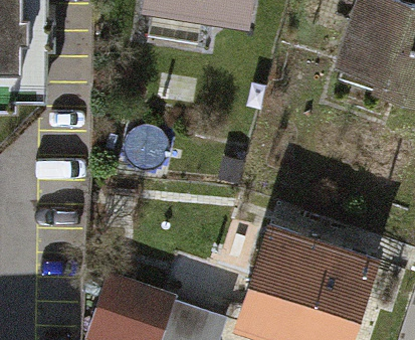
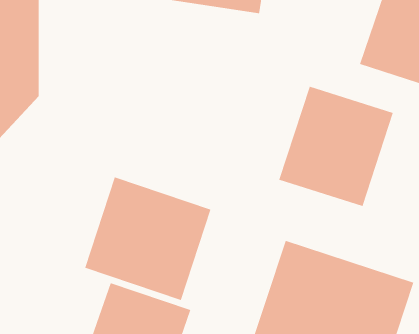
building: none -> [278,86,394,207]
building: none -> [85,177,211,301]

